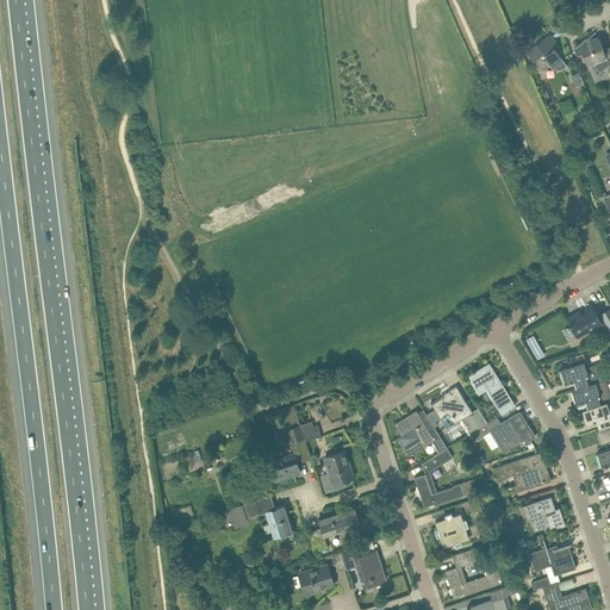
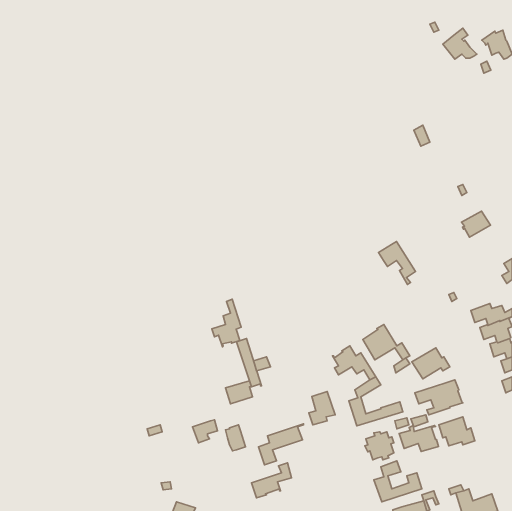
building: [567,306,602,337] -> [462,211,491,237]
building: none -> [212,299,241,347]
building: [467,365,511,416] -> [378,241,416,285]
building: [322,452,353,491] -> [309,392,335,425]
building: [529,544,575,575] -> [399,425,438,452]
building: [342,548,386,587] -> none

